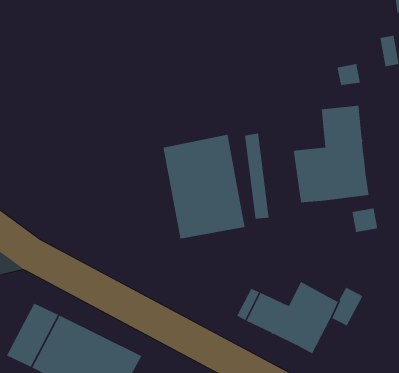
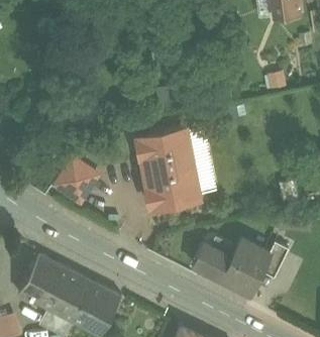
building: [293,105,369,203] -> none
building: none -> [52,159,98,204]

